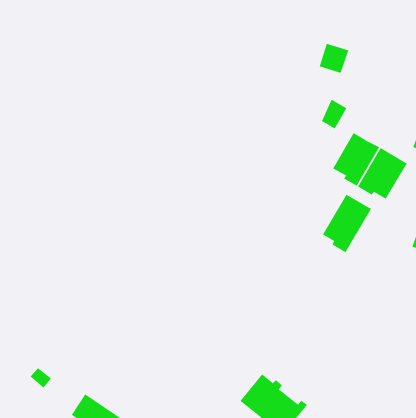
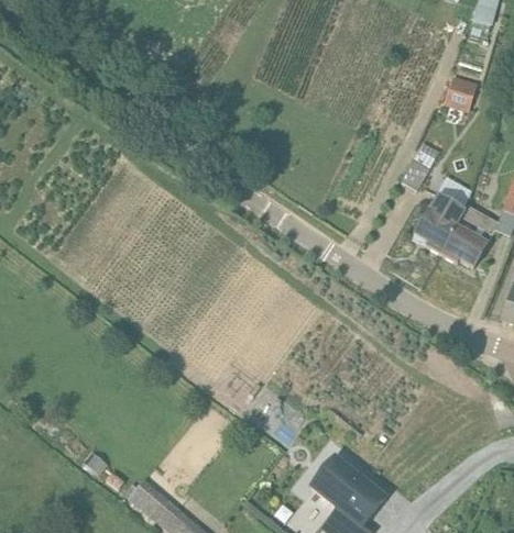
building: [319,43,349,73] -> [445,77,478,110]
building: [322,194,372,253] -> none

